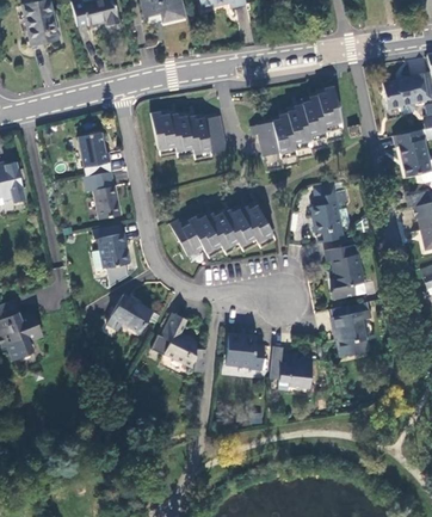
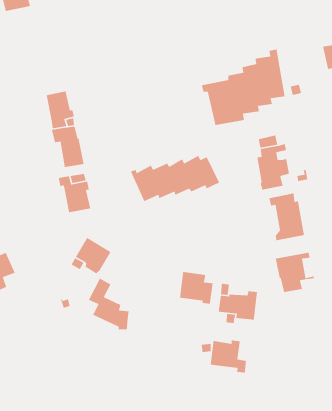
building: [149,110,224,152] -> none
building: [159,312,205,370] -> [88,278,130,330]
building: none -> [210,339,247,374]

